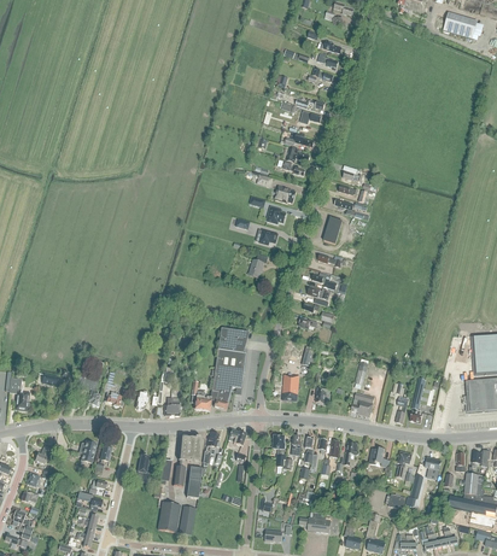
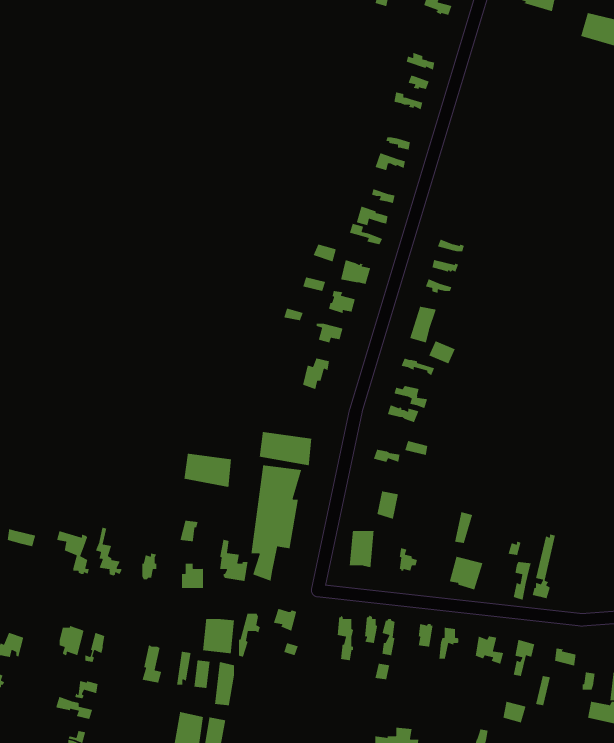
building: none -> [259,431,312,466]
building: none -> [184,453,232,488]

